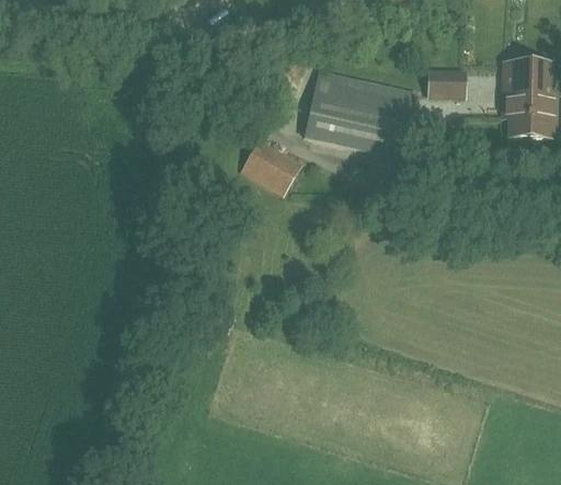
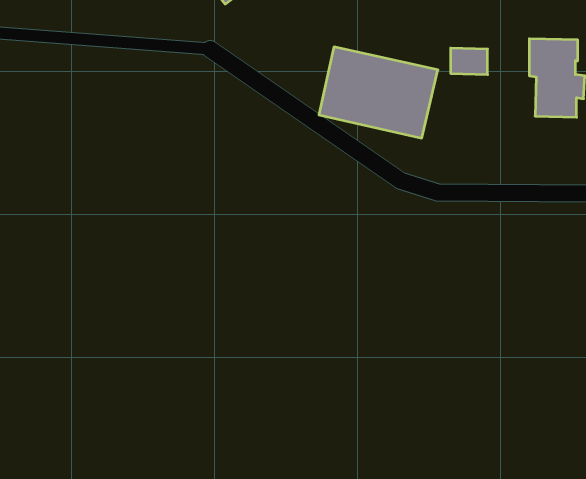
building: [241,140,301,195] -> none

